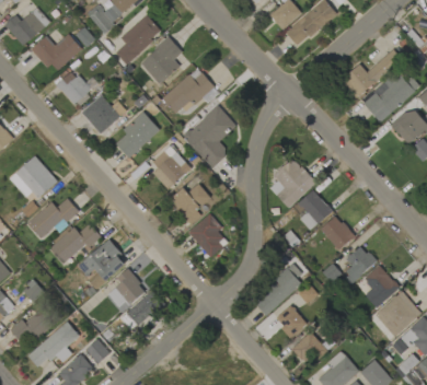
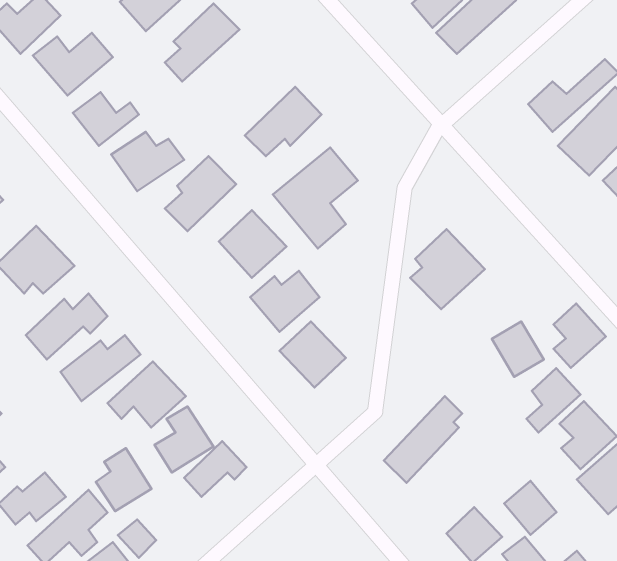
building: [139,36,182,82] -> none
building: [299,189,332,230] -> [554,304,606,368]
building: none -> [96,448,152,511]
building: [275,304,308,338] -> [504,481,556,535]

